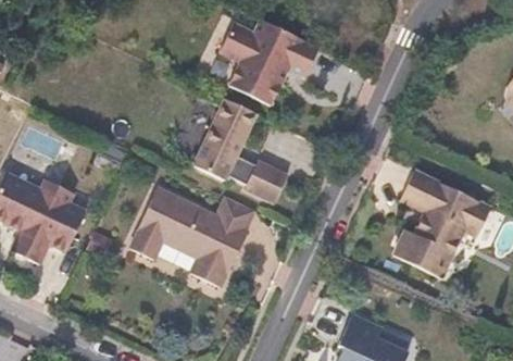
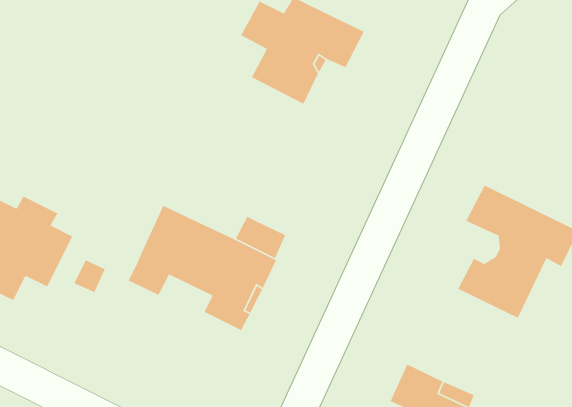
building: [193,99,287,203] -> none

